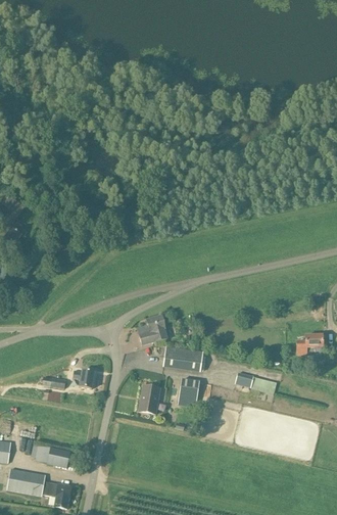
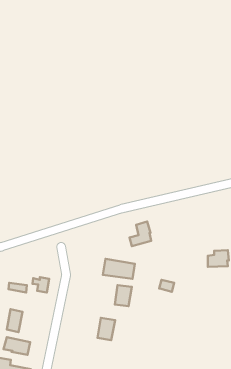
building: [139,314,166,345] -> [130,221,151,246]
building: [138,385,160,414] -> [98,318,115,340]
building: none -> [7,309,23,332]

